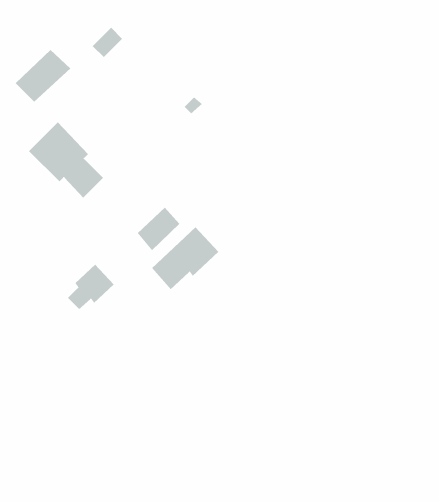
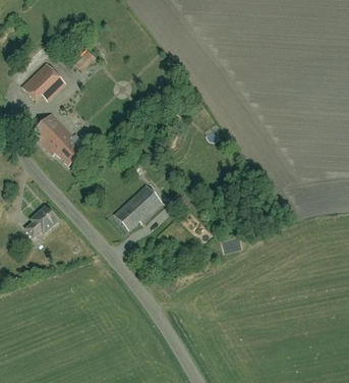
building: [137,207,180,251] -> none
building: [67,264,115,310] -> [25,206,58,237]

